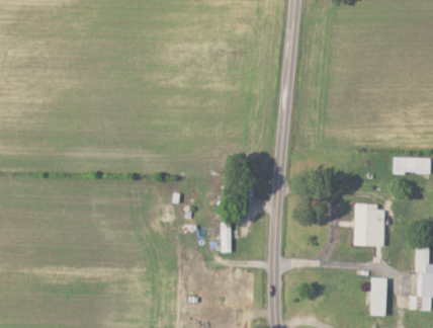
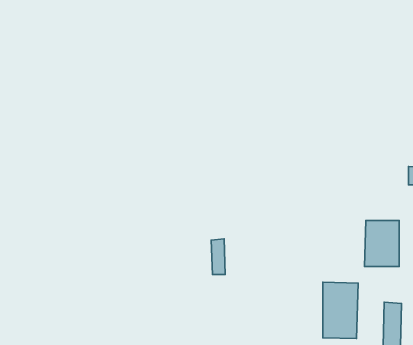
building: none -> [323,282,358,339]

